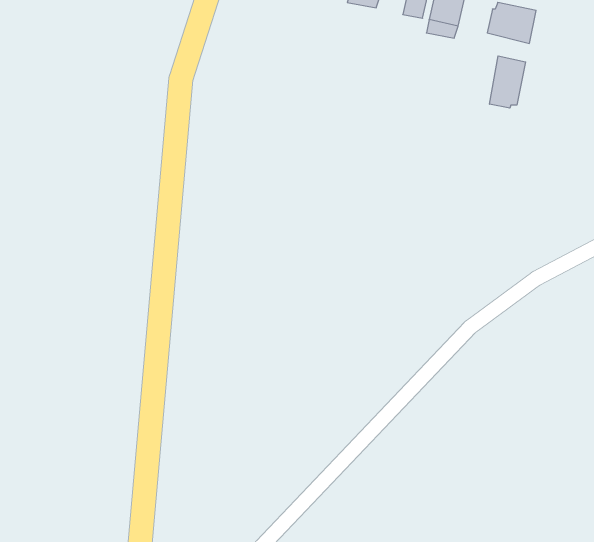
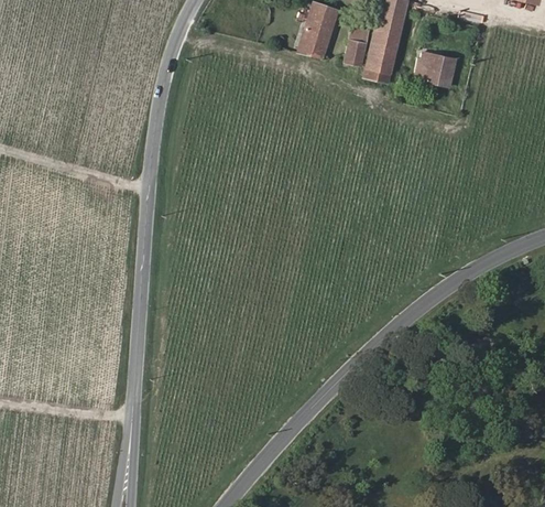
building: [490,56,526,108] -> none

